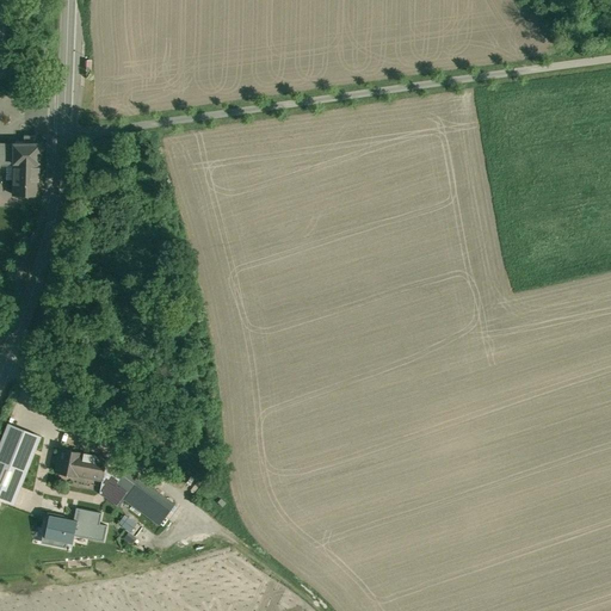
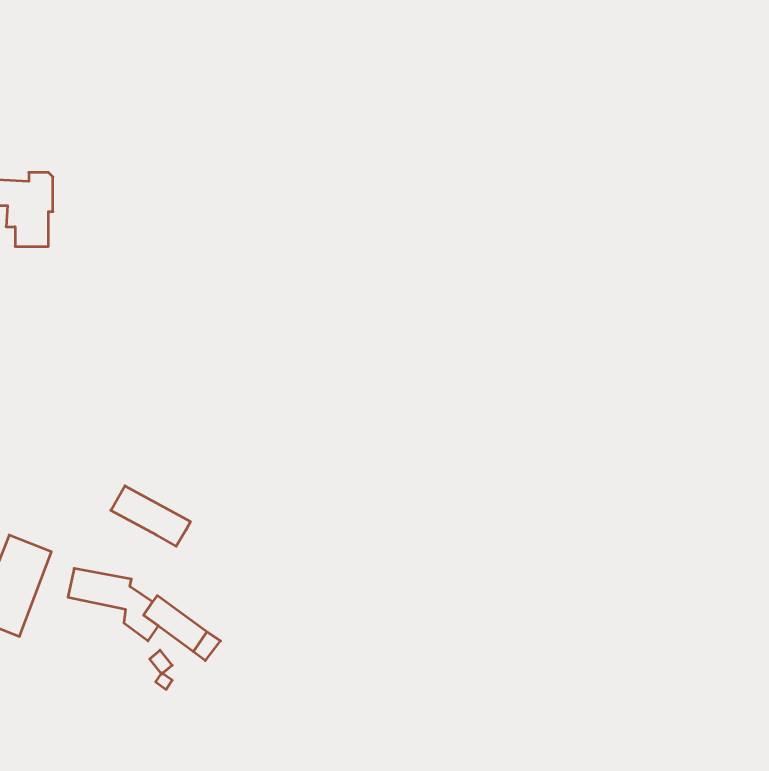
building: none -> [111,486,190,546]
building: [38,508,105,550] -> none

